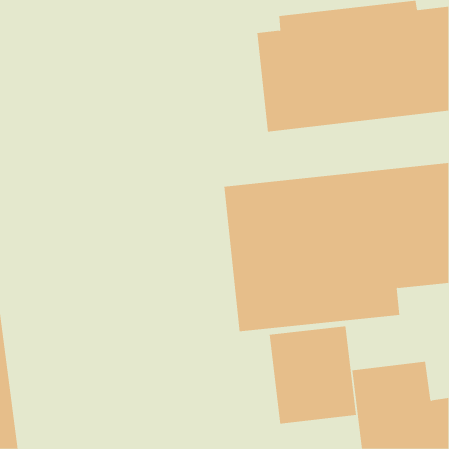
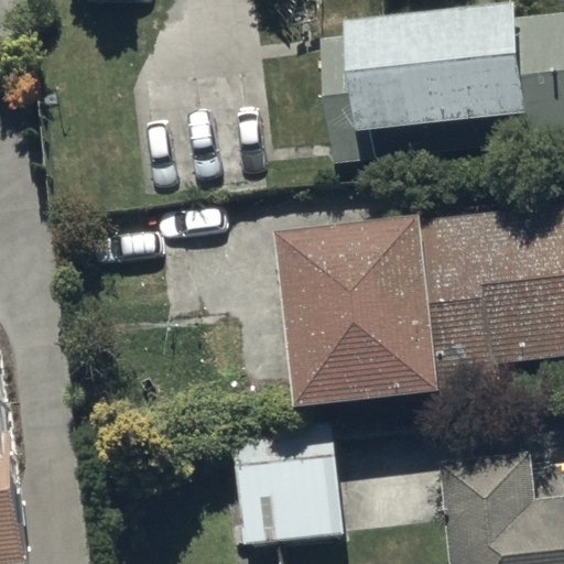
building: [269,326,357,424] -> [229,417,338,540]

